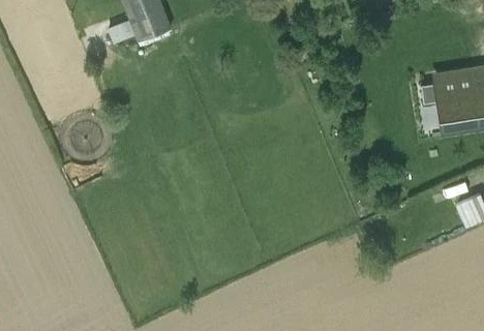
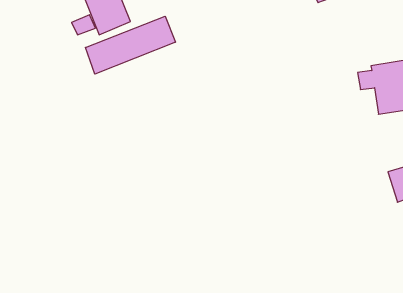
building: none -> [85,16,175,74]

